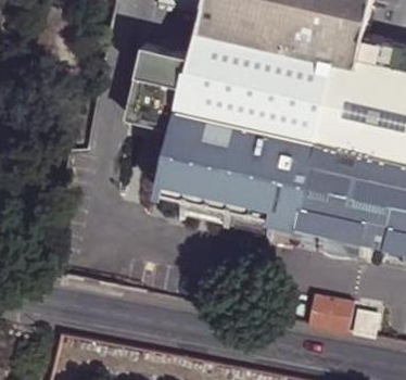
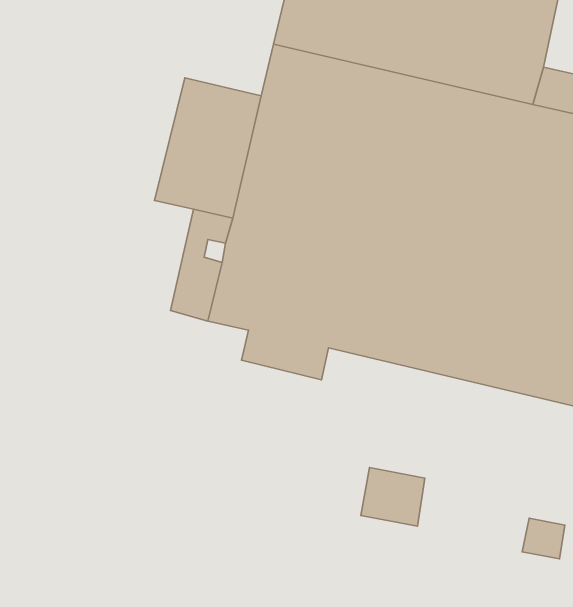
building: [306,300,345,335] -> [361,468,425,526]

